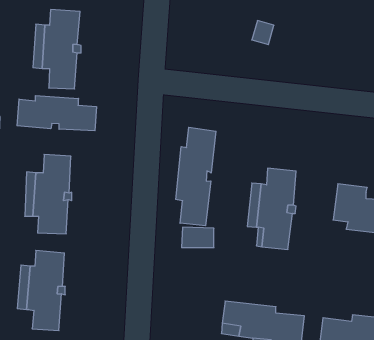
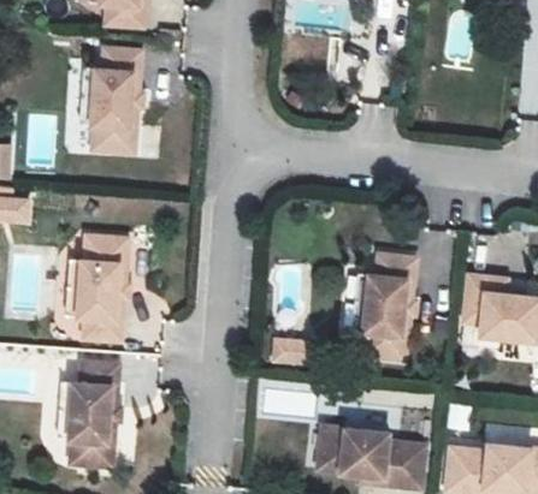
building: [17,96,96,131] -> none
building: [176,127,216,226] -> none

